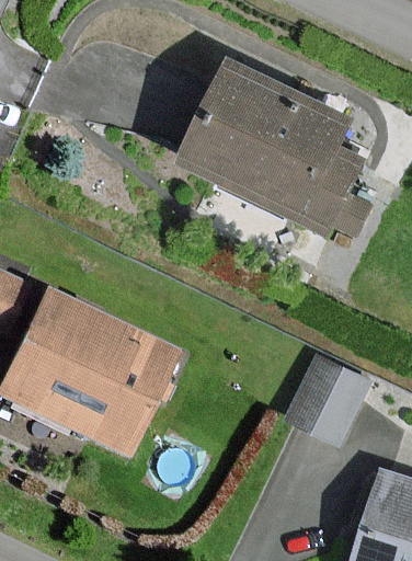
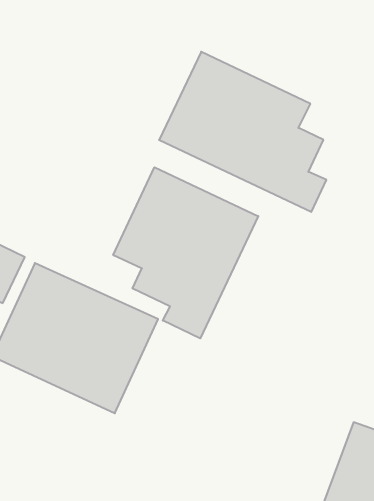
building: none -> [113,167,258,338]
building: [287,353,371,447] -> none

